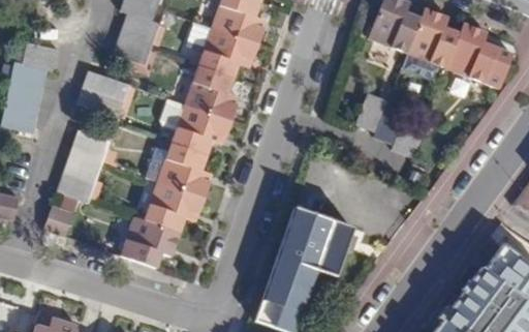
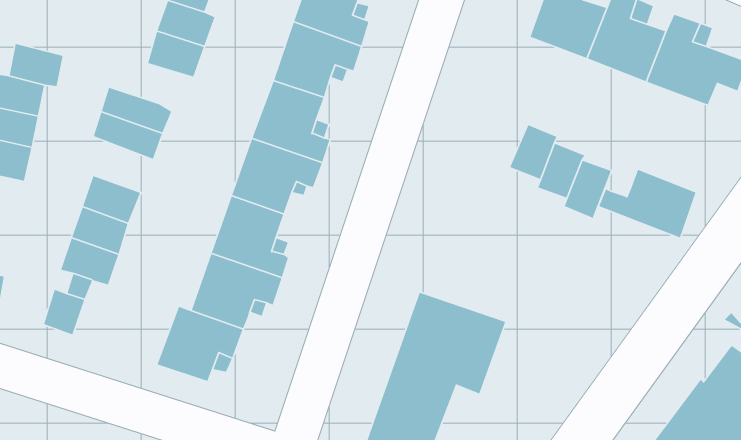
building: none -> [598,169,696,238]

